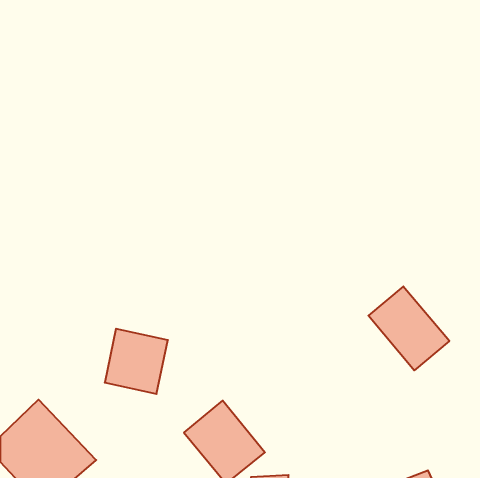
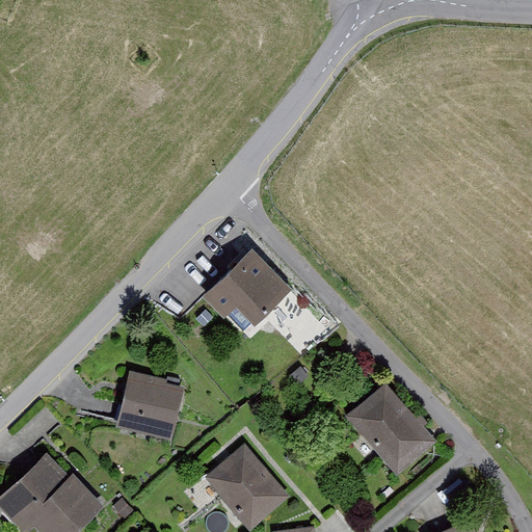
building: none -> [191,243,285,323]
building: [368,286,449,370] -> [348,387,437,479]

